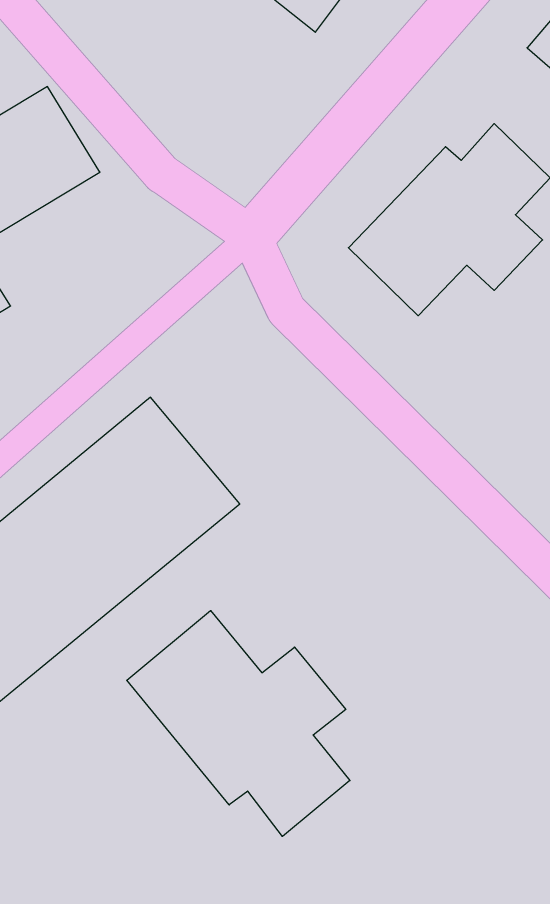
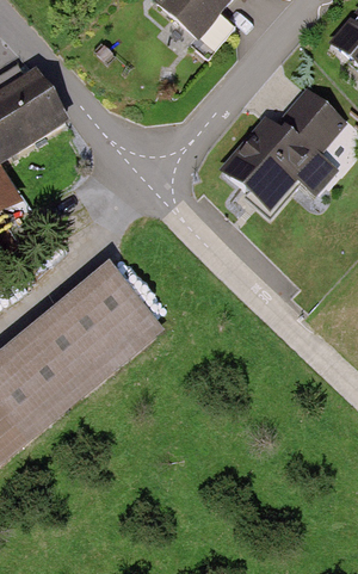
building: [127,611,350,836] -> none

